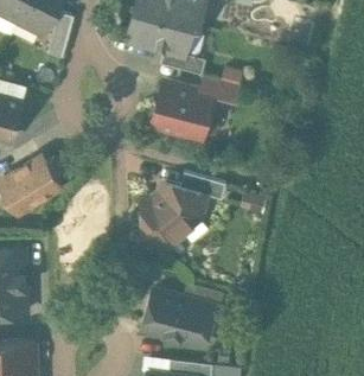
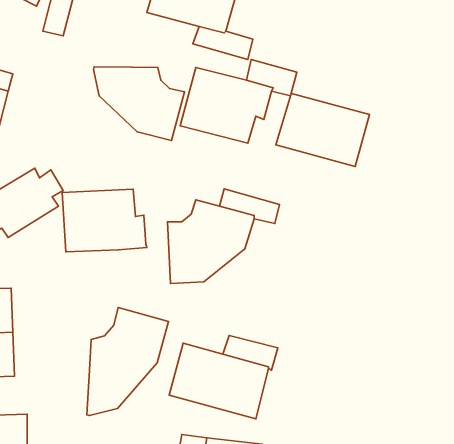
building: none -> [94,67,184,141]
building: none -> [276,93,369,167]
building: none -> [62,189,147,252]
building: none -> [87,308,168,415]

